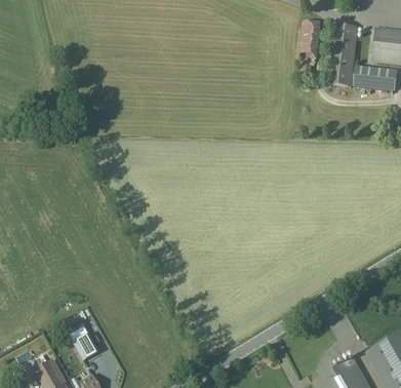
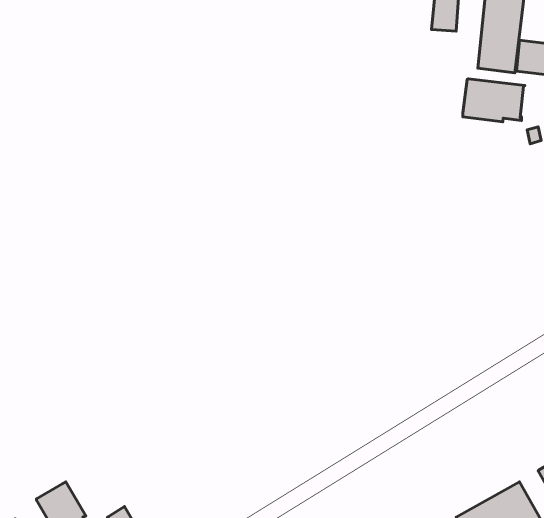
building: none -> [463,79,525,122]
building: [69,325,98,359] -> none

